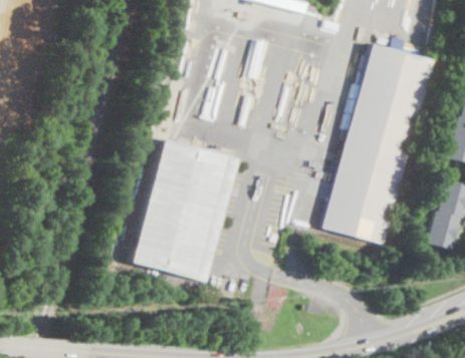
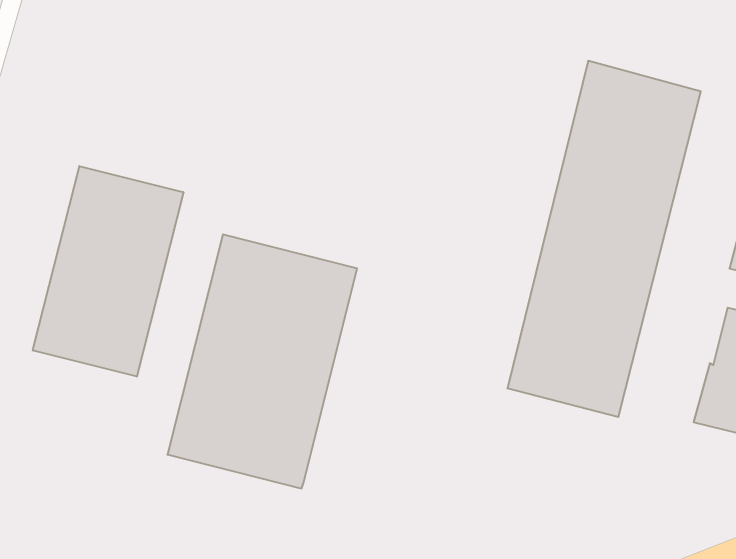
building: none -> [33,166,183,377]

